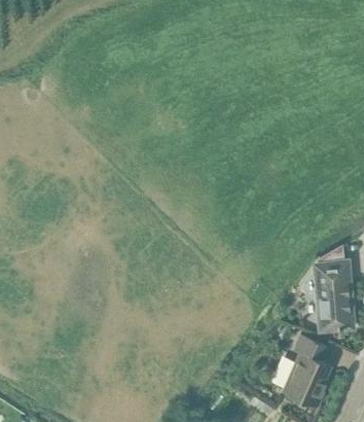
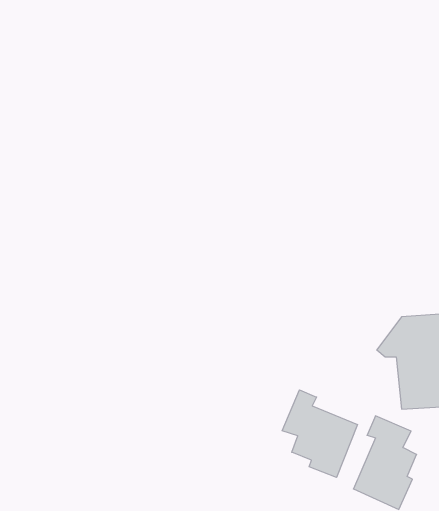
building: none -> [282,390,357,477]

